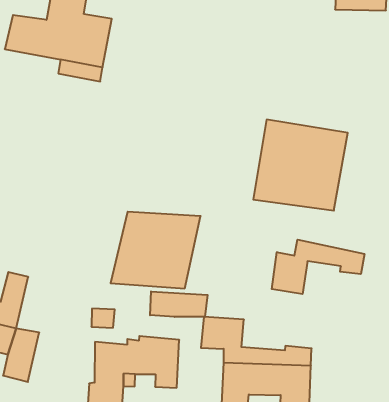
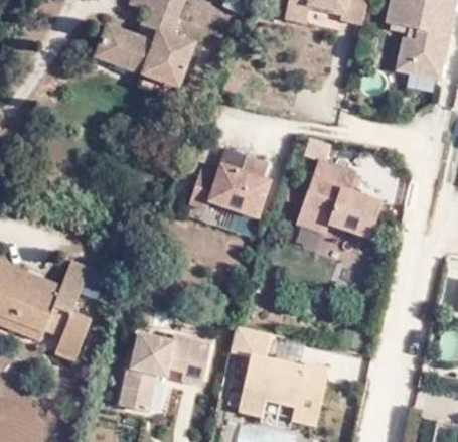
building: [111,212,201,288] -> [190,146,280,223]
building: [272,240,364,294] -> none
building: [150,291,208,317] -> none

